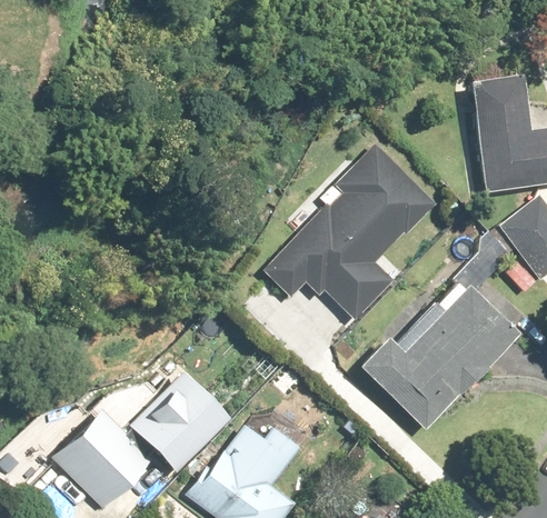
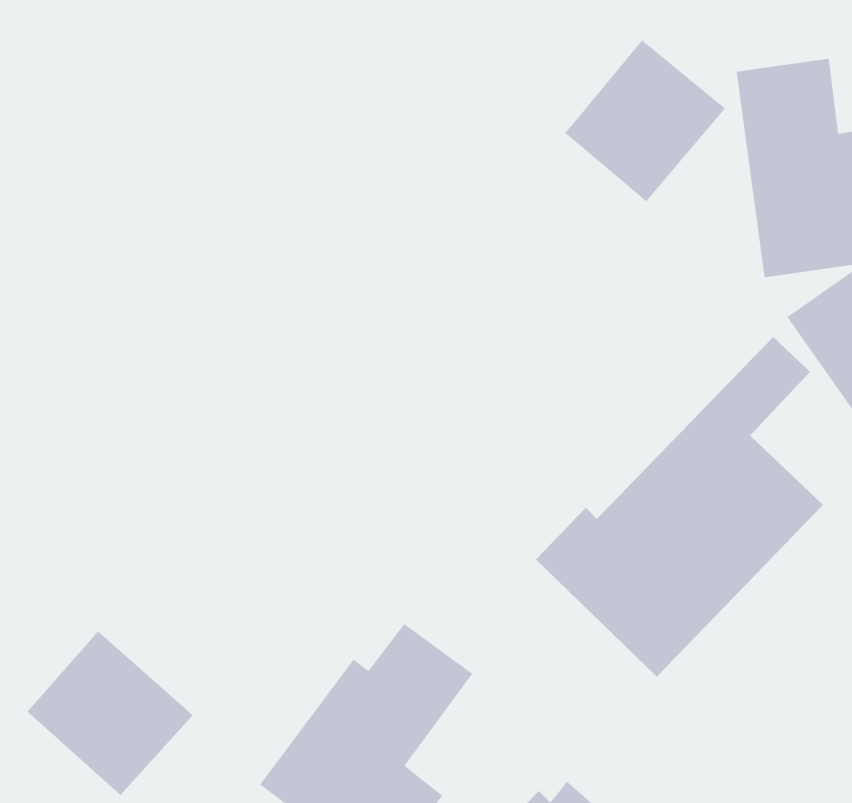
building: none -> [564,39,726,202]
building: [272,145,448,320] -> none
building: [127,373,226,472] -> none

